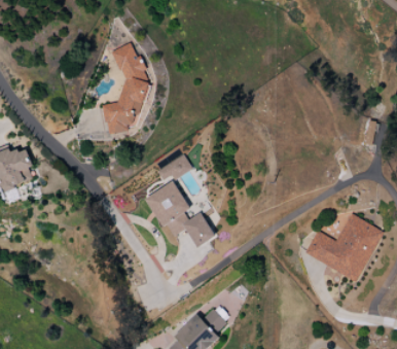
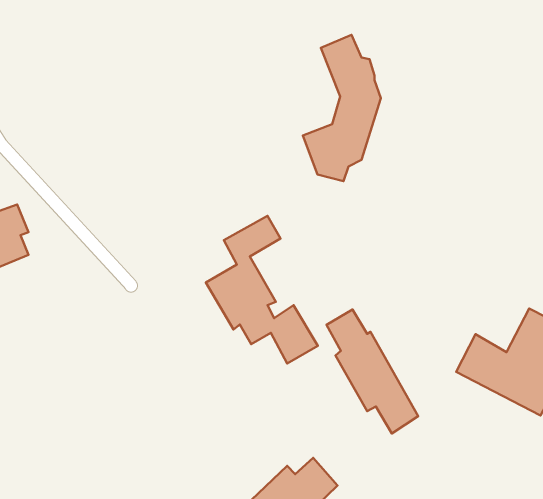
building: [100,42,149,135] -> [303,35,381,181]
building: none -> [326,309,418,433]

